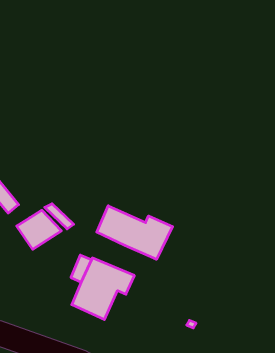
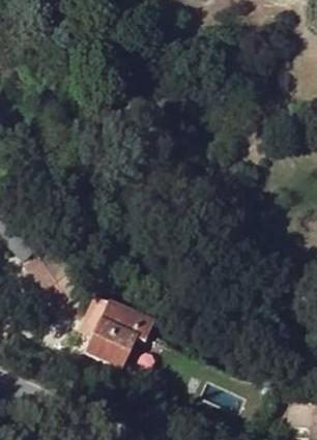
building: [97,206,173,259] -> none

